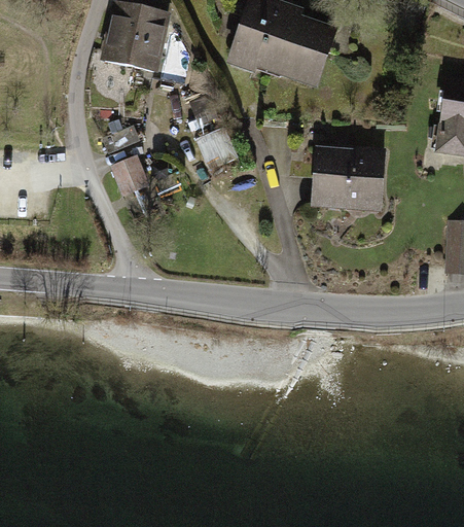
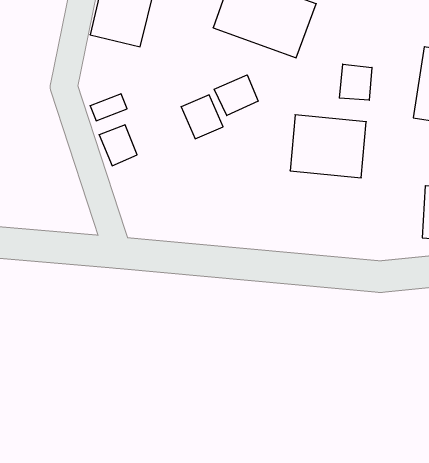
building: none -> [339,64,372,100]
building: none -> [214,75,258,116]

